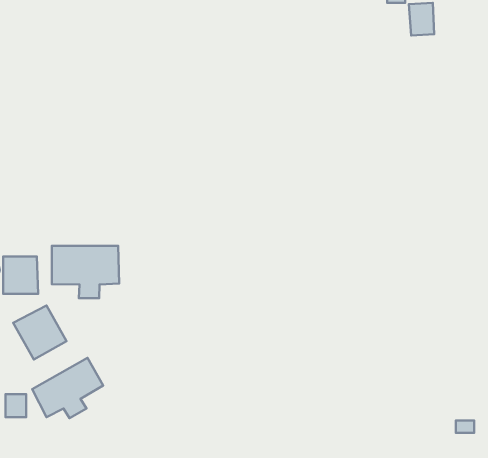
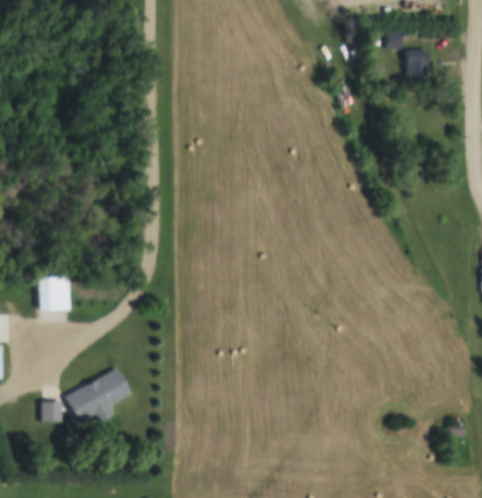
building: [52,246,119,298] -> none
building: [13,306,67,359] -> none

